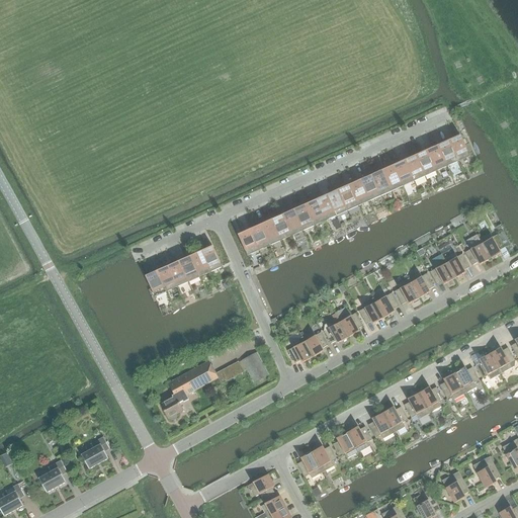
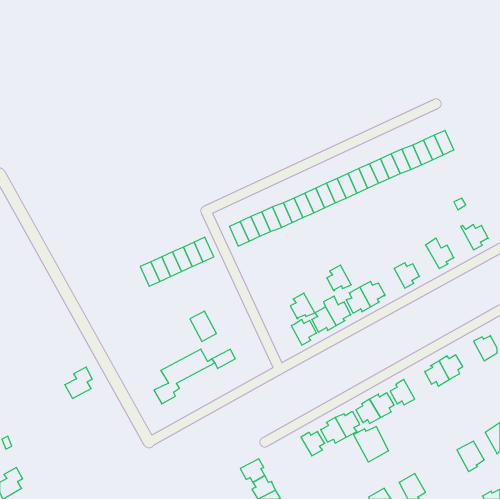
building: [463,233,489,264] -> none
building: [428,258,453,283] -> none
building: [393,277,418,304] -> [327,265,351,291]
building: [286,336,312,362] -> [290,293,315,319]
building: [241,351,268,382] -> [190,311,216,341]
building: [473,352,500,378] -> none
building: [417,385,442,412] -> none
building: [80,435,108,467] -> [65,367,92,398]
building: none -> [354,426,389,462]
building: [295,451,322,477] -> none
building: [37,459,66,492] -> none
building: [440,470,468,502] -> none

